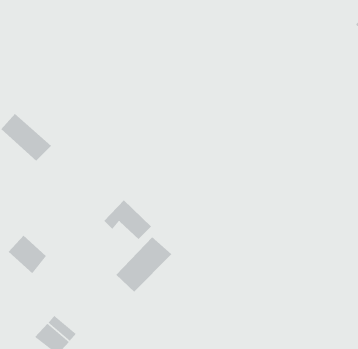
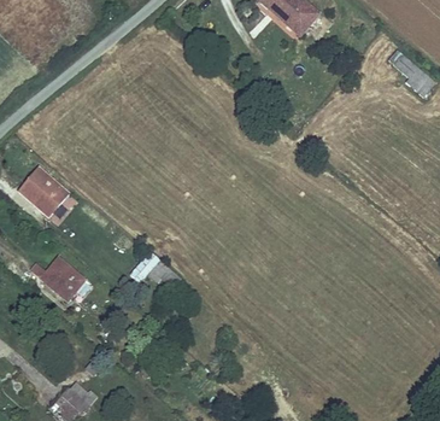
building: [8,235,47,274] -> [42,257,84,299]
building: [115,237,172,292] -> none

